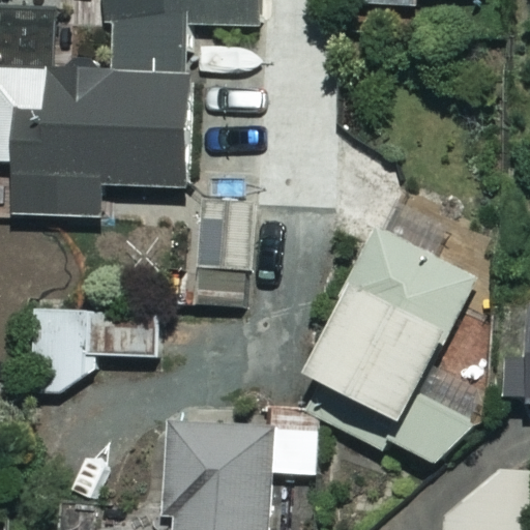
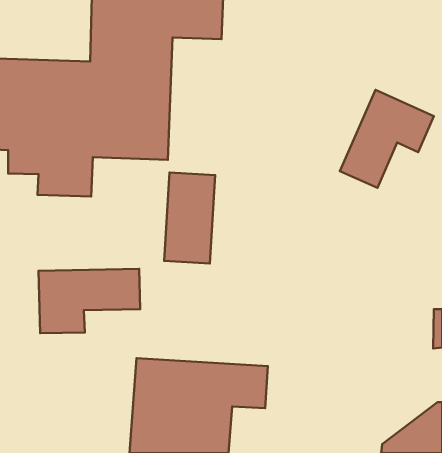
building: none -> [340,90,434,188]
building: [315,234,474,468] -> none

